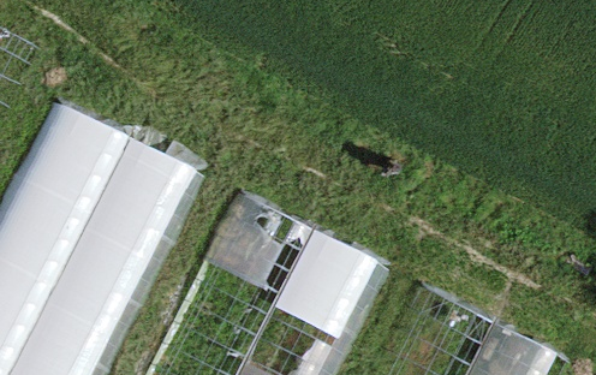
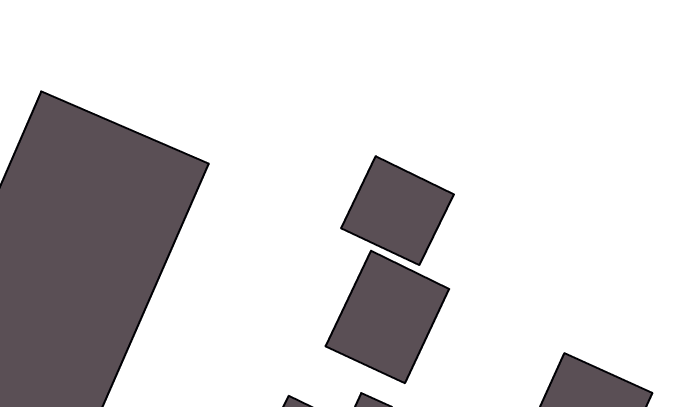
building: none -> [341,156,454,265]

